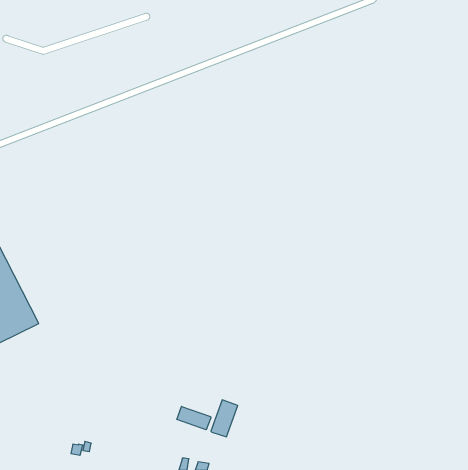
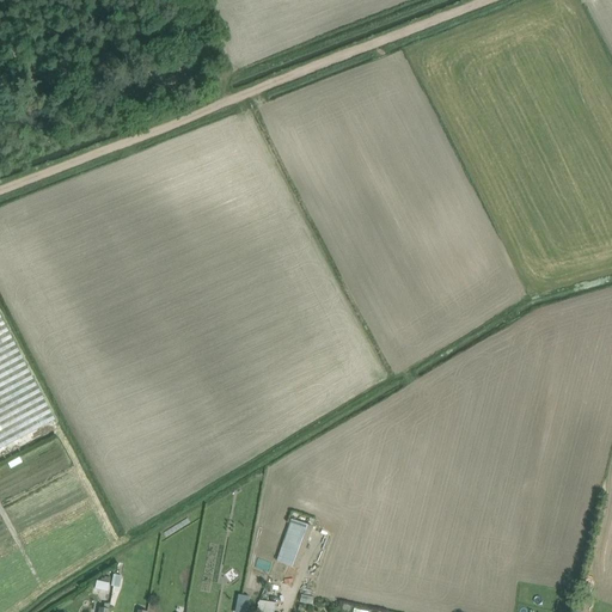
building: [177,406,211,430] -> none

